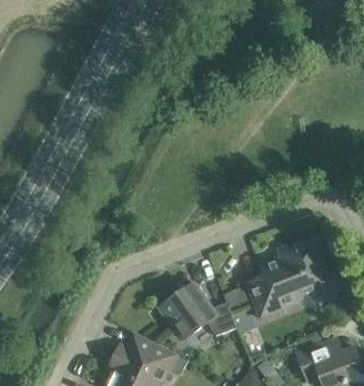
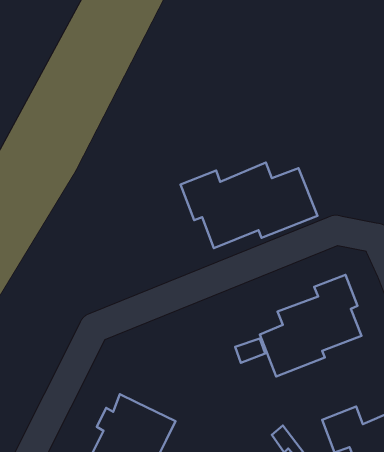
building: none -> [180,163,317,248]
building: [158,282,236,338] -> none

